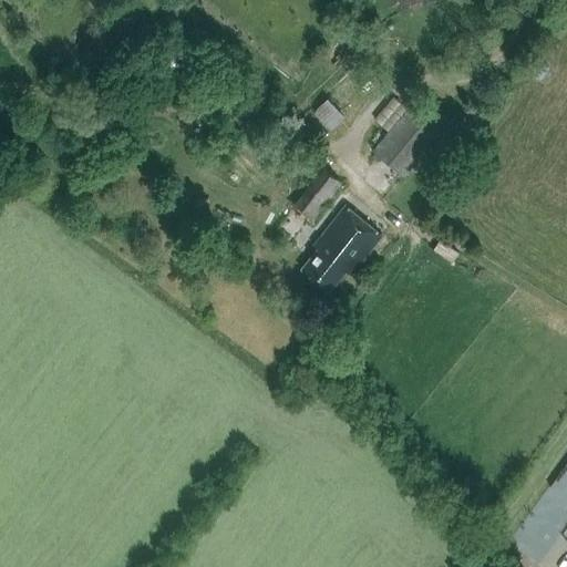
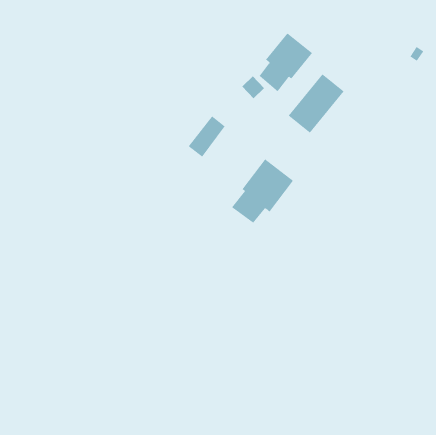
building: none -> [259,33,313,92]
building: [290,169,339,224] -> [188,115,226,157]

